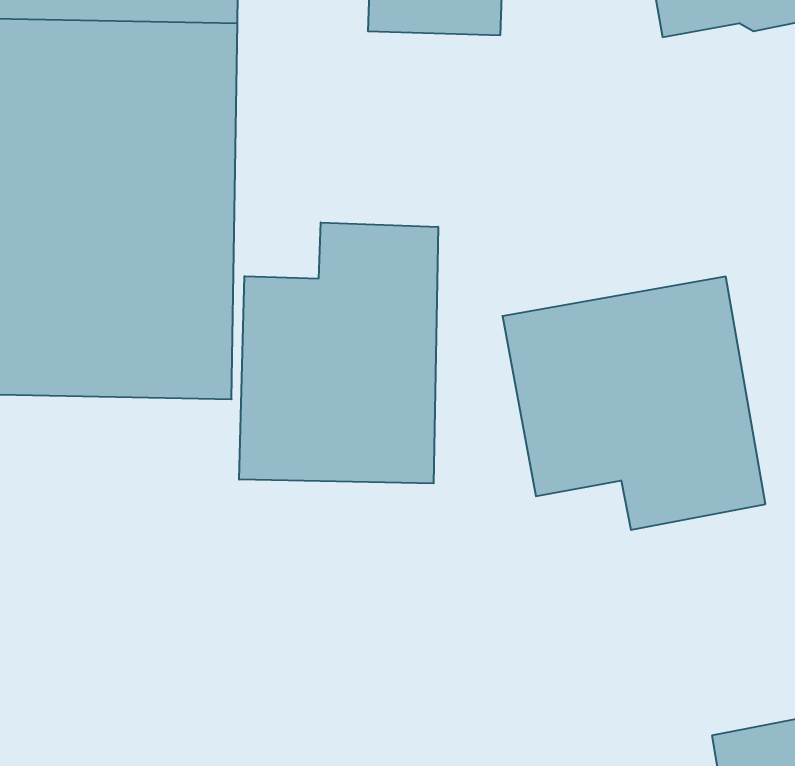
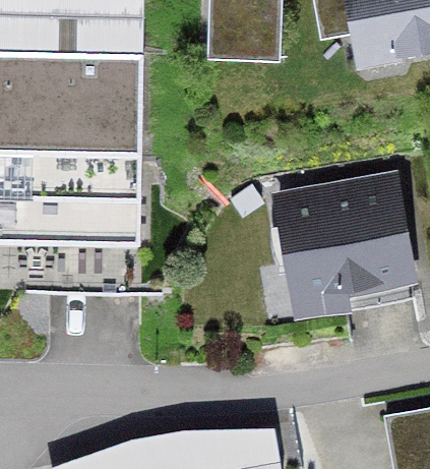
building: [239,222,438,483] -> none

